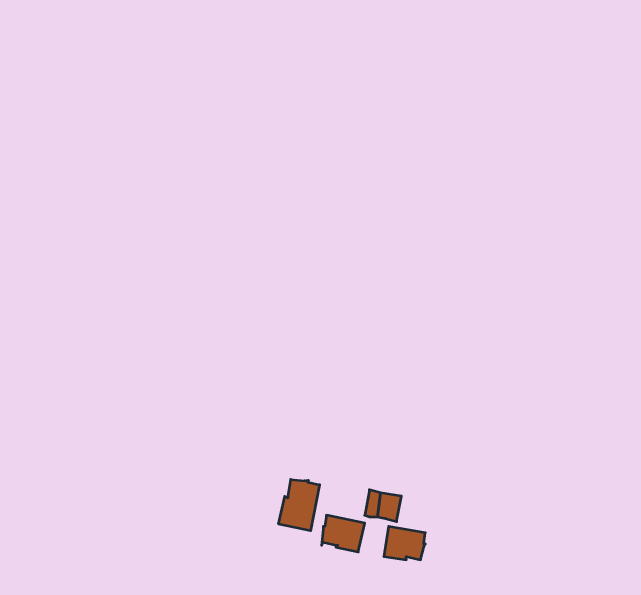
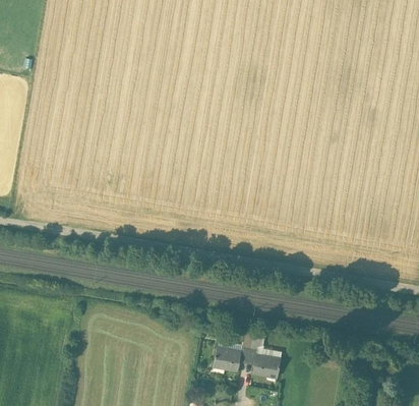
building: [279,479,320,531] -> none

